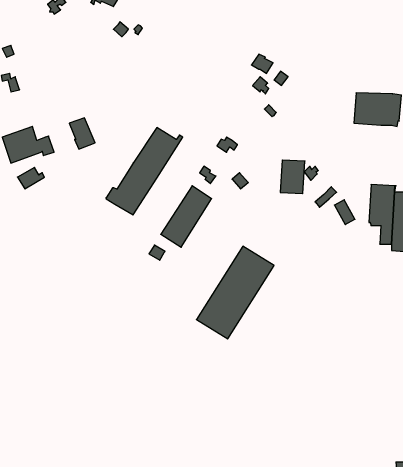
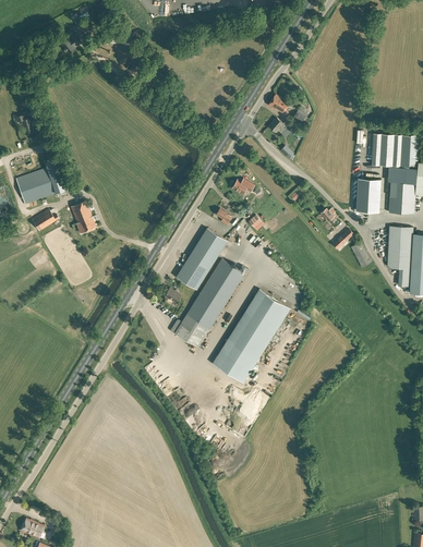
building: [69,118,95,149] -> [70,202,96,233]
building: none -> [388,169,415,214]
building: [106,128,183,215] -> [170,259,247,348]
building: [280,160,305,194] -> [355,179,380,212]

